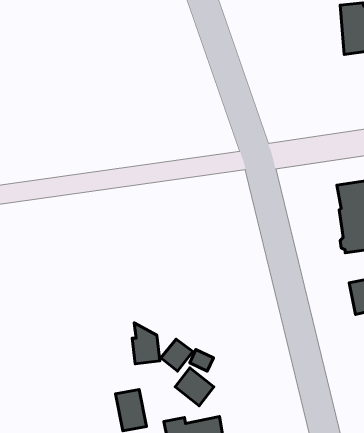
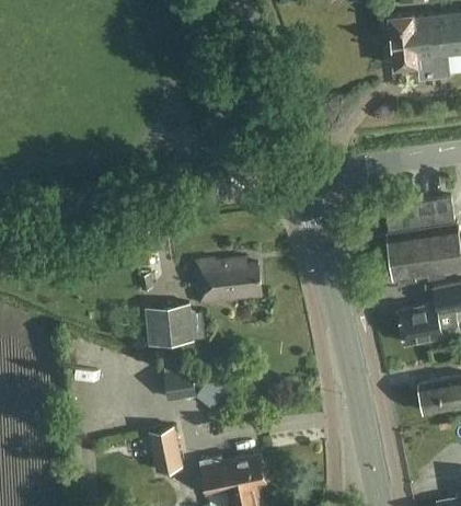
building: none -> [196,261,263,307]
building: none -> [145,306,195,349]
building: [175,368,214,406] -> none

